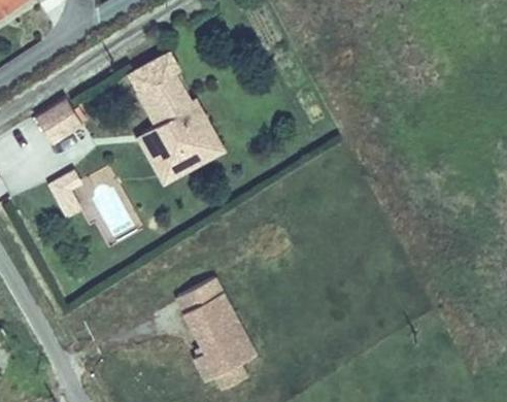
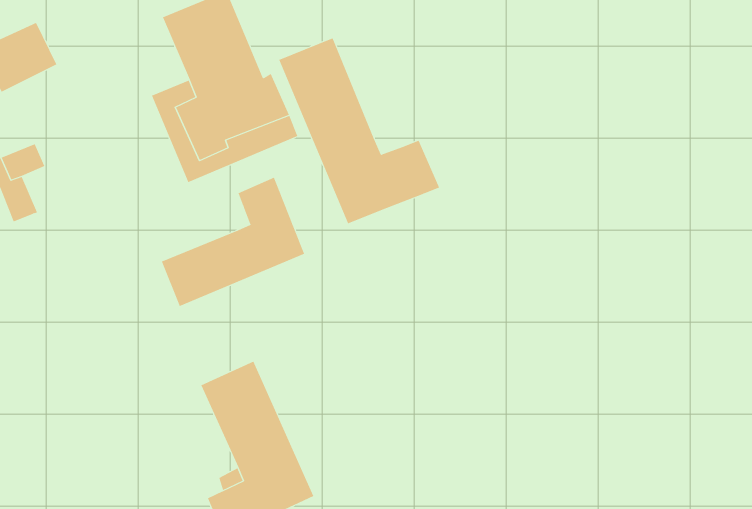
building: none -> [278,38,440,224]
building: none -> [161,177,305,307]

